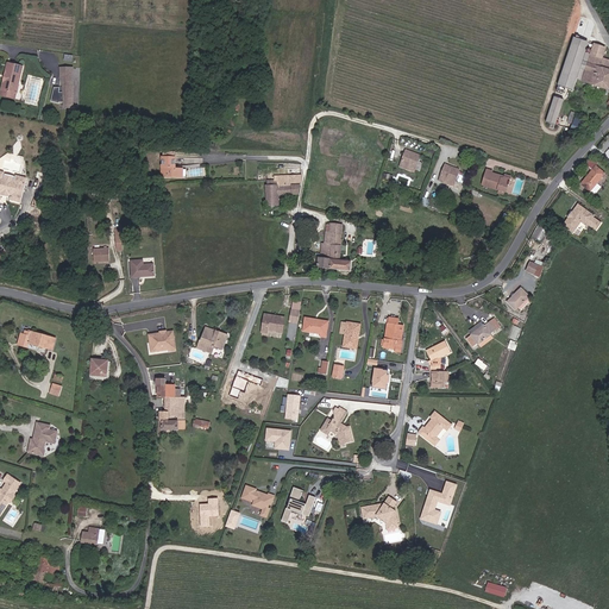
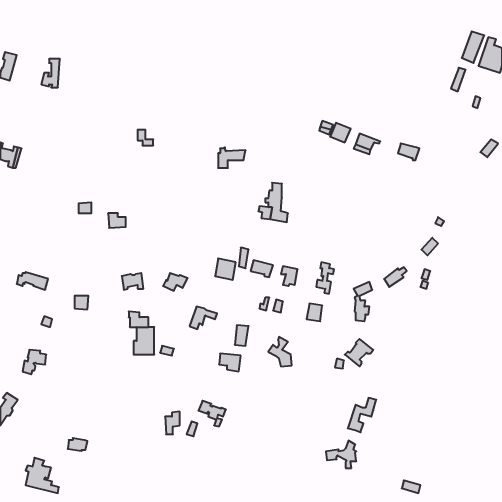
building: [561,203,601,233] -> none
building: [281,486,315,522] -> none
building: [360,494,397,527] -> [326,441,356,468]

